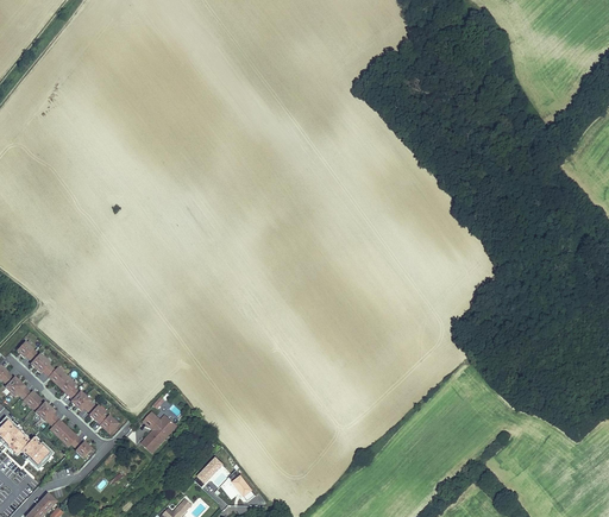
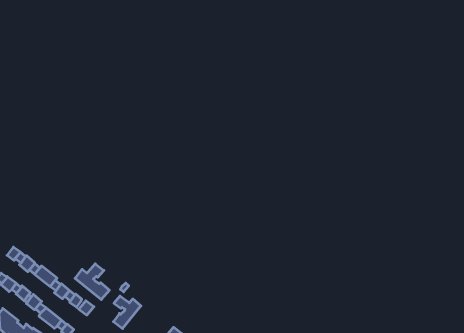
building: none -> [75,264,109,300]

